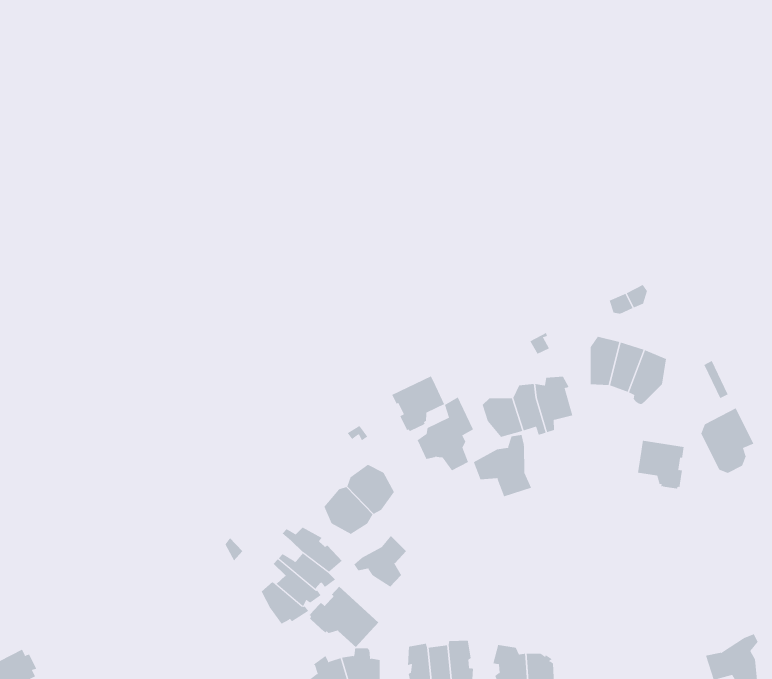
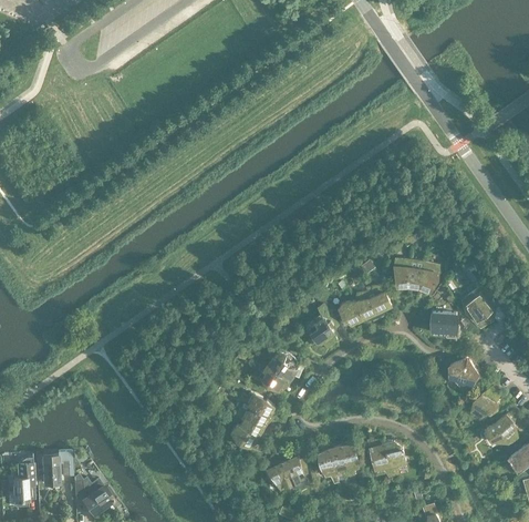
building: [392,376,445,432] -> none
building: [473,434,532,497] -> none
building: none -> [447,359,478,385]
building: [353,535,407,588] -> none
building: [309,586,379,648] -> none
building: none -> [470,387,498,416]

